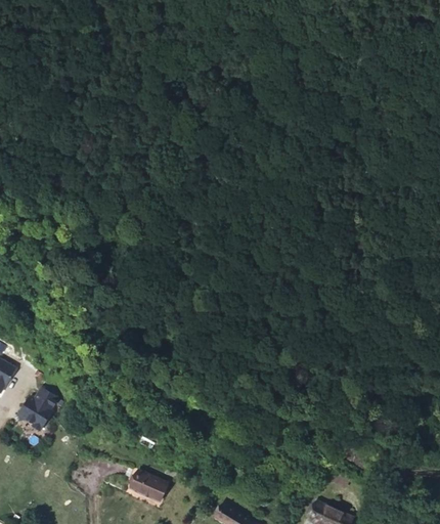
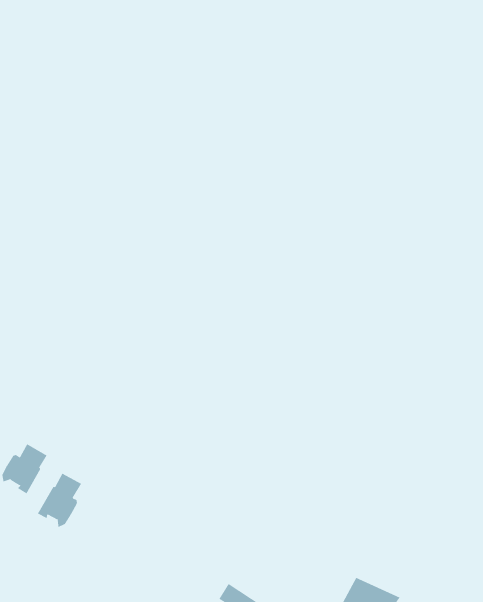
building: none -> [37,473,82,528]
building: [127,465,166,500] -> none

